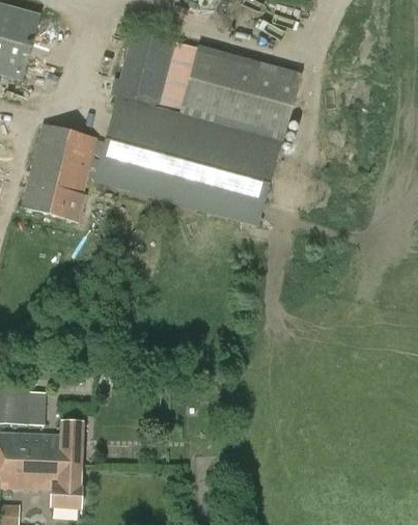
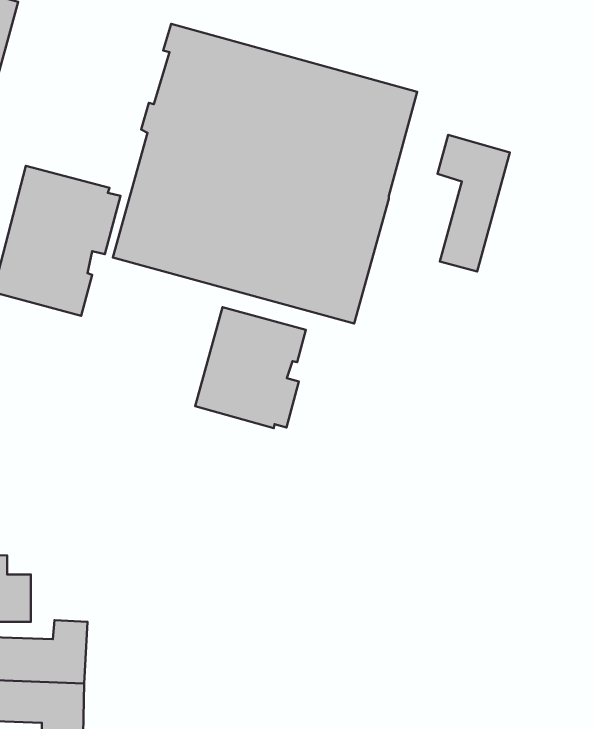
building: none -> [438,135,510,272]
building: none -> [195,307,306,428]

